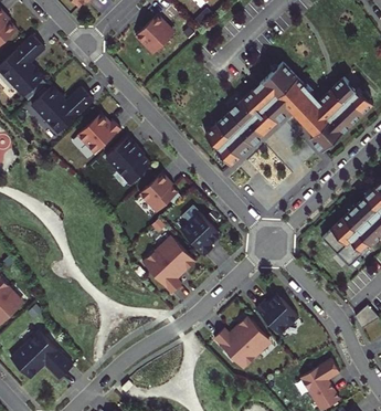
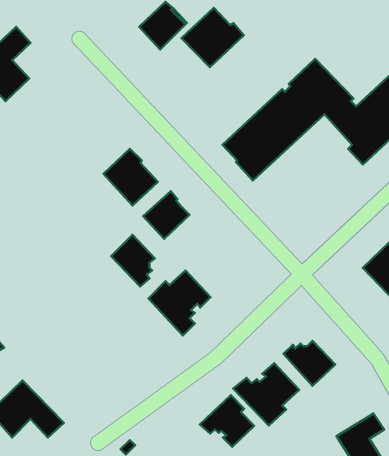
building: none -> [181,8,244,67]
building: [32,86,94,134] -> none
building: [77,116,121,154] -> none
building: [181,211,218,254] -> [111,235,155,286]
building: none -> [200,395,254,447]

